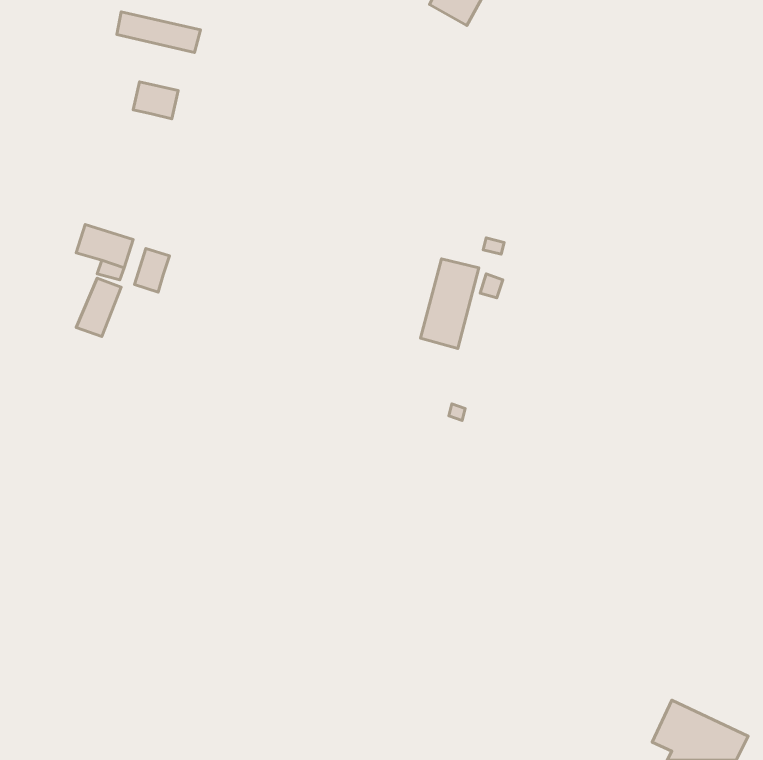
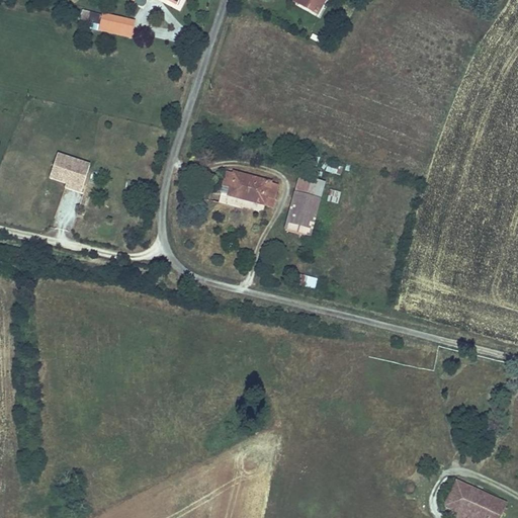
building: [133,82,178,119] -> none
building: [134,248,169,292] -> none
building: none -> [221,170,278,209]

